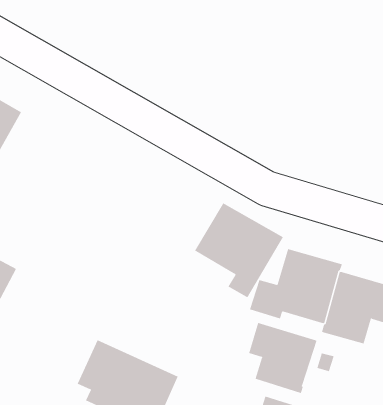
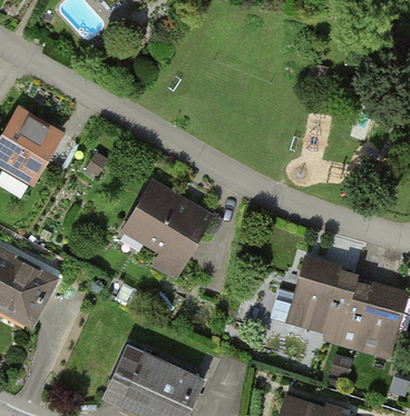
building: [194,203,284,298] -> [126,185,209,274]
building: [248,322,317,394] -> none

